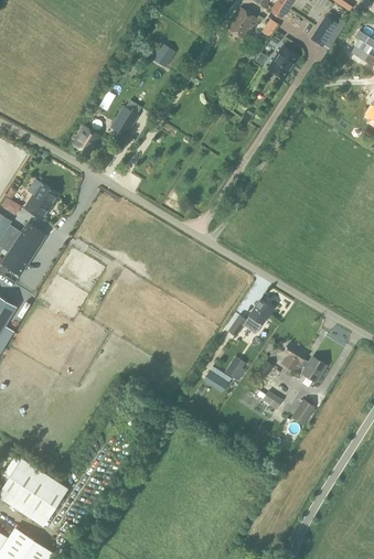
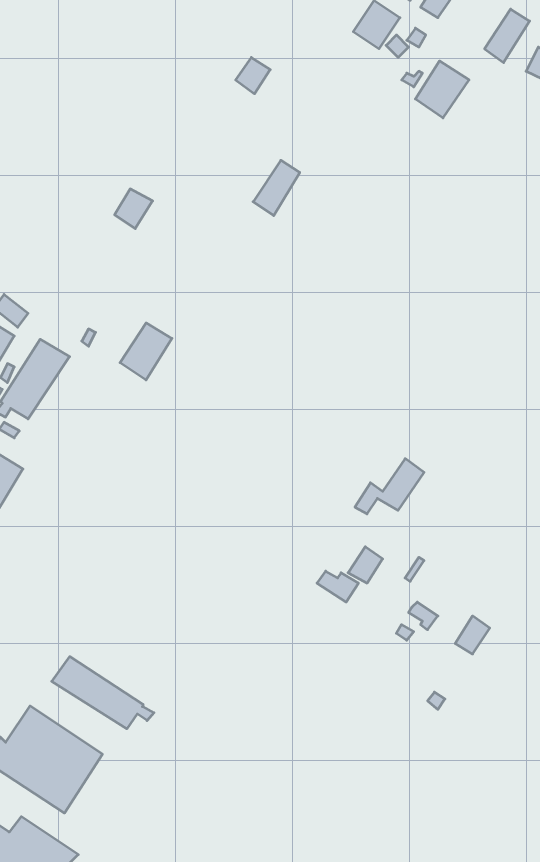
building: [113,100,142,136] -> [253,160,300,216]
building: [25,183,58,219] -> [120,323,172,380]
building: [280,344,327,383] -> none
building: none -> [52,657,154,729]

